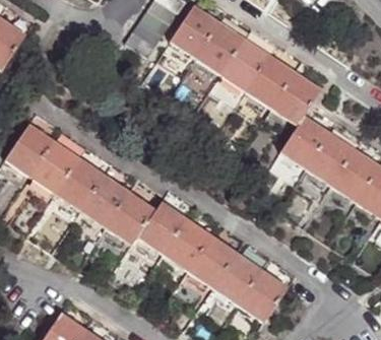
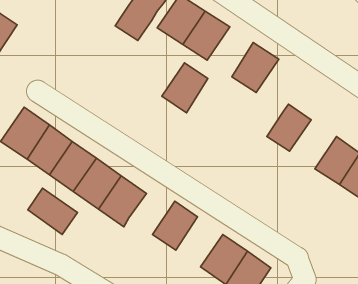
building: [220,39,268,90] -> [162,63,208,113]
building: [271,72,323,126] -> none
building: [306,135,355,186] -> none
building: [139,202,187,254] -> none
building: none -> [28,188,77,234]
building: [188,235,237,287] -> none

